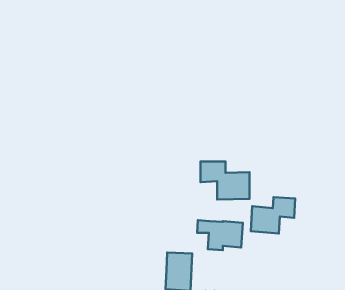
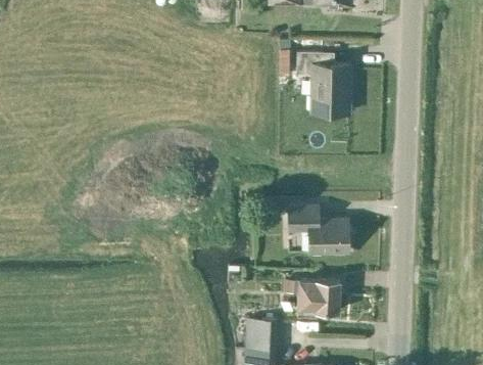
building: none -> [296,51,350,113]
building: [251,197,295,234] -> none

